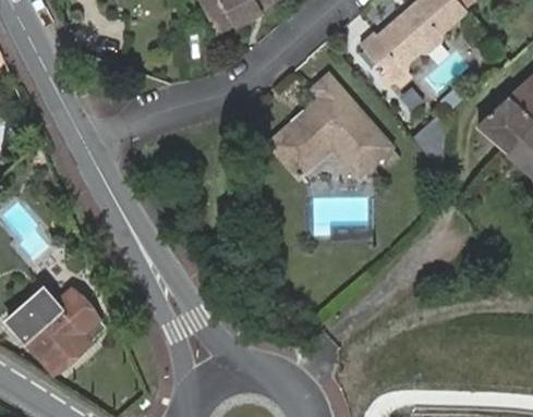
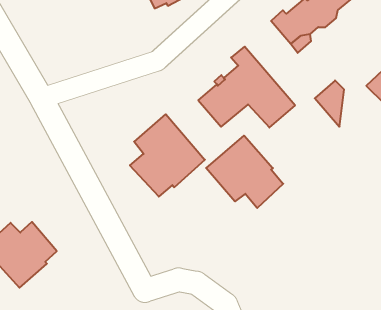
building: none -> [130,114,205,197]
building: none -> [206,136,283,208]

